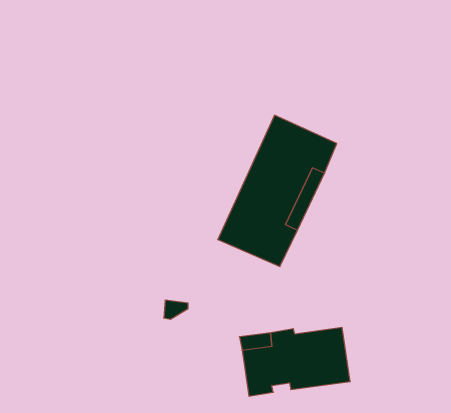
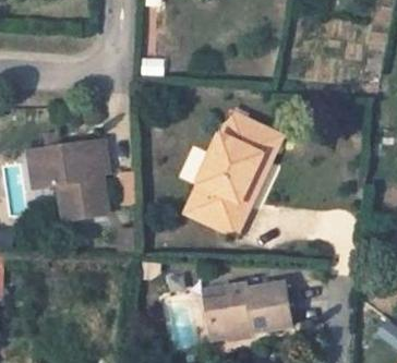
building: none -> [27,140,108,219]

